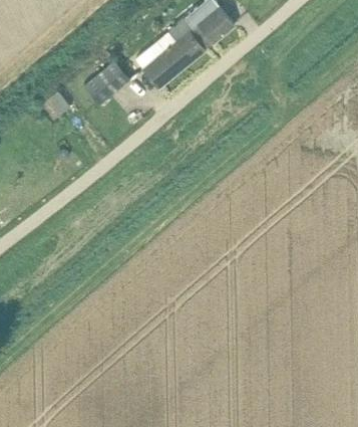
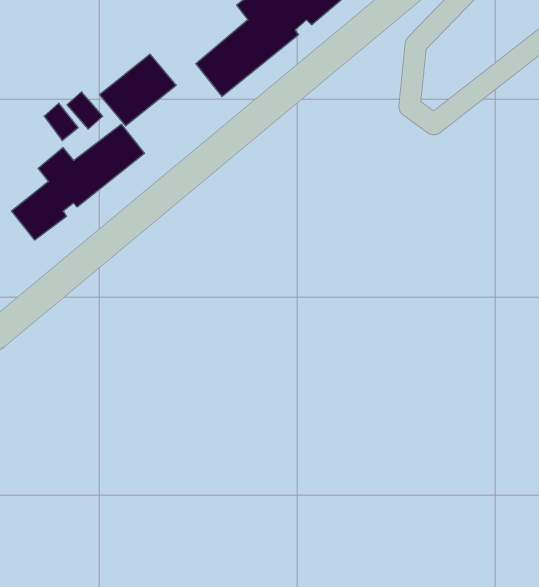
building: none -> [11,124,145,240]

